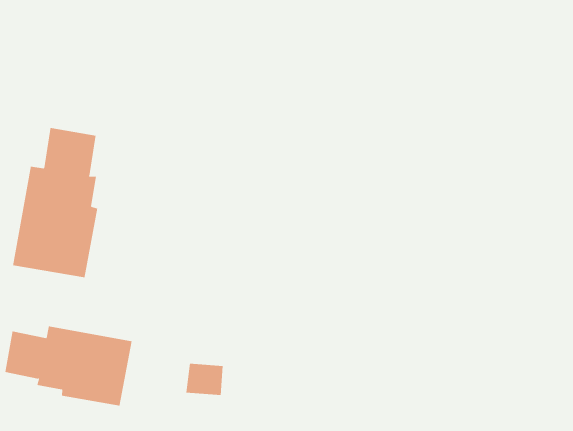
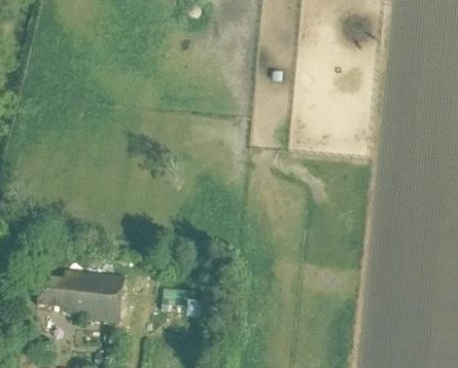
building: [12,127,98,278] -> none

